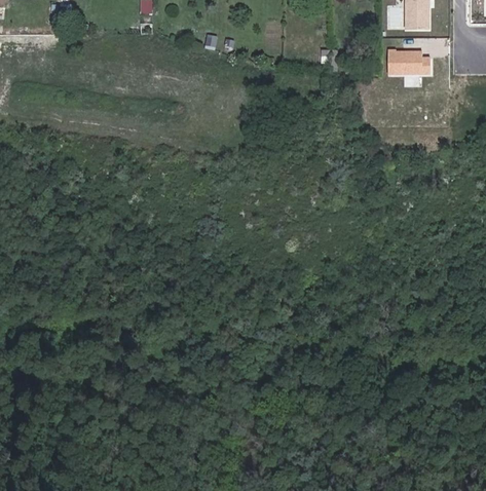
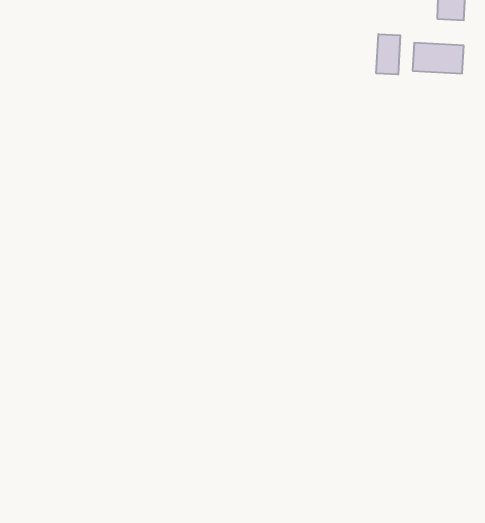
building: none -> [376,34,400,75]

